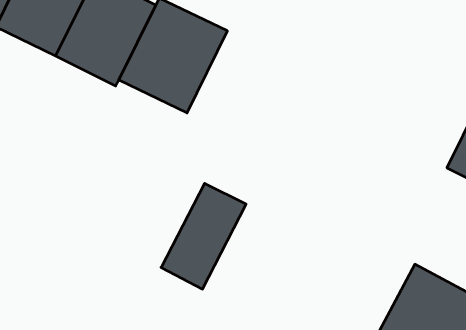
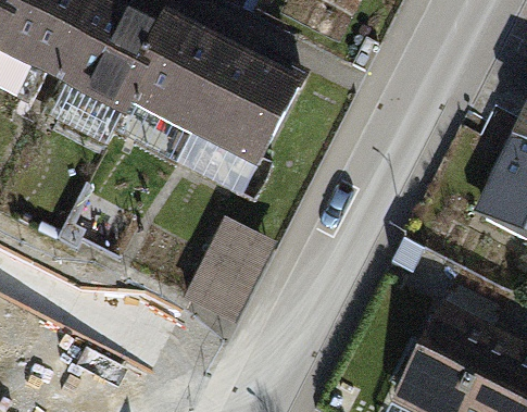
building: none -> [203,57,311,174]

